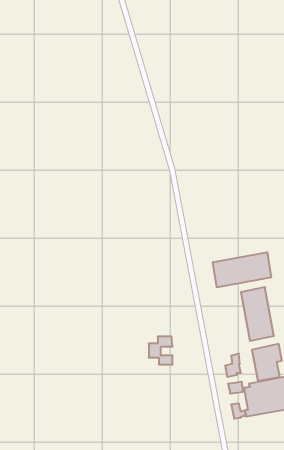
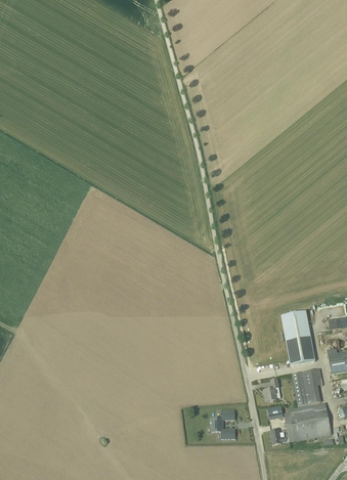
building: [213,252,271,287] -> none
building: [149,337,173,364] -> [211,409,235,438]

